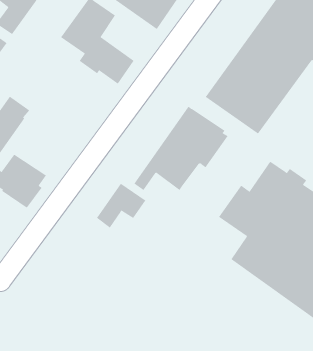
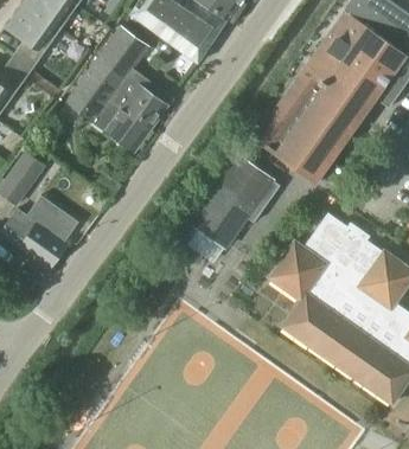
building: none -> [64,71,153,152]
building: [96,183,146,229] -> none

